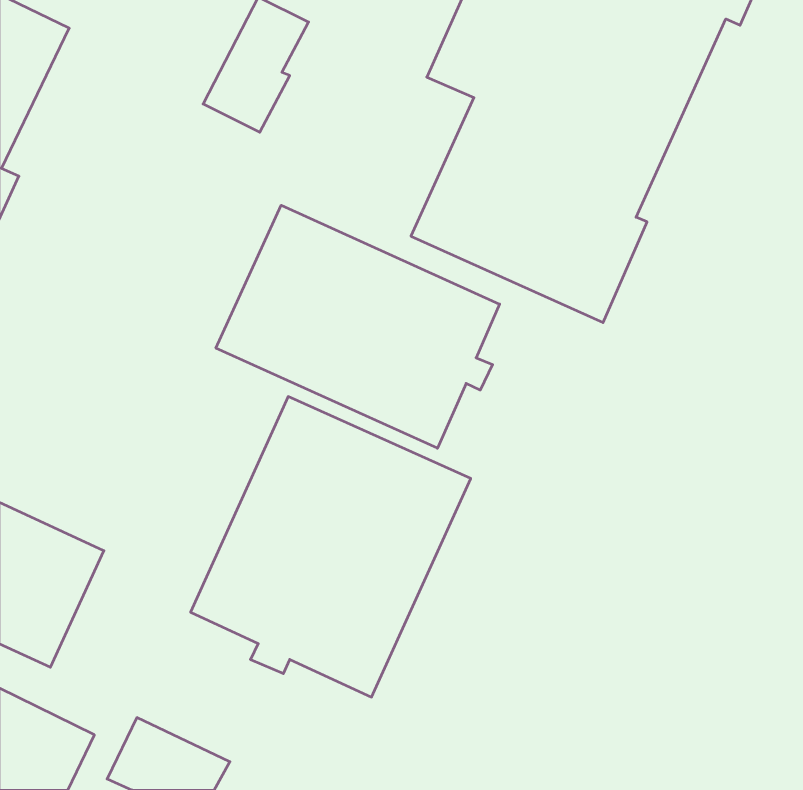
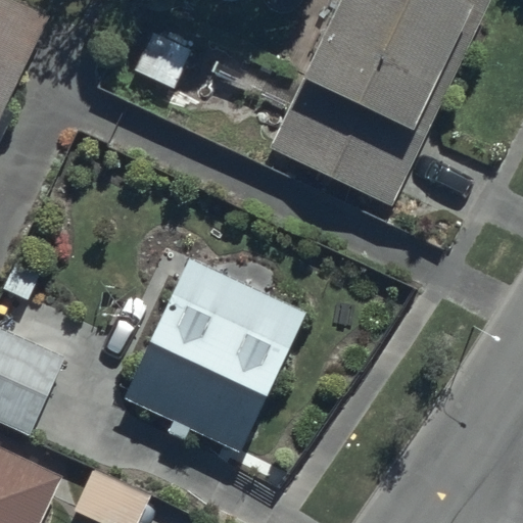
building: [216,205,500,448] -> none

